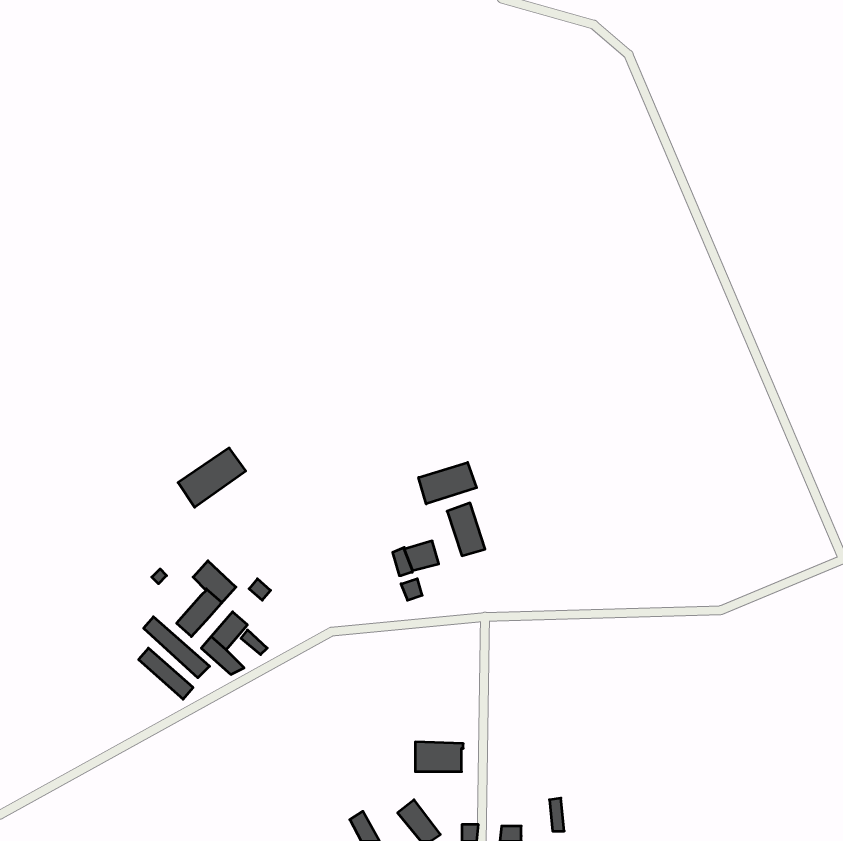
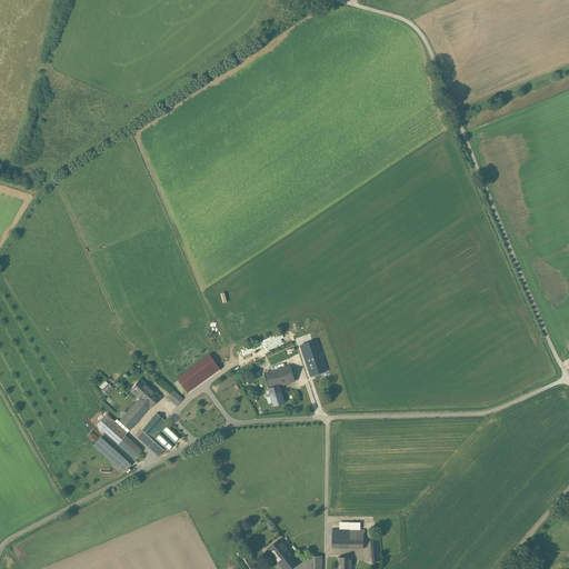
building: [178,448,246,507] -> [177,352,222,392]
building: [419,462,477,504] -> none
building: [415,742,463,772] -> [332,528,365,548]

